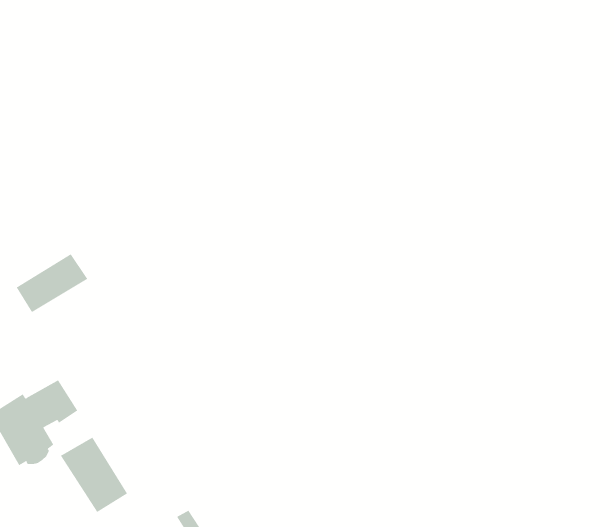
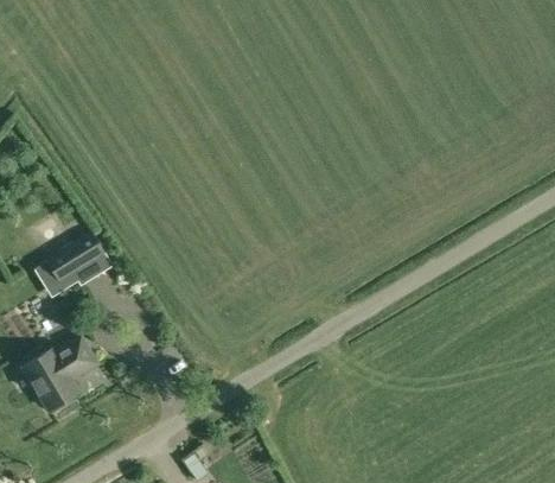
building: [60,437,128,513] -> none

